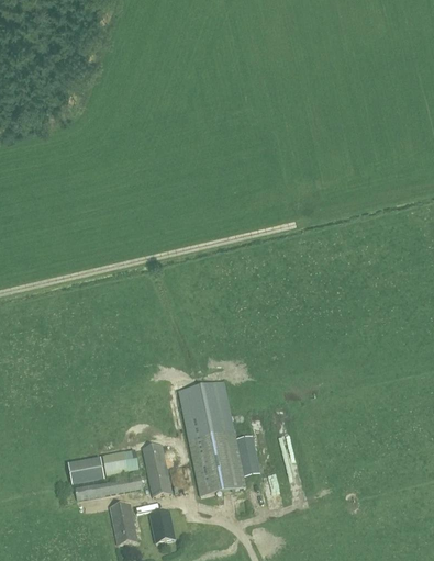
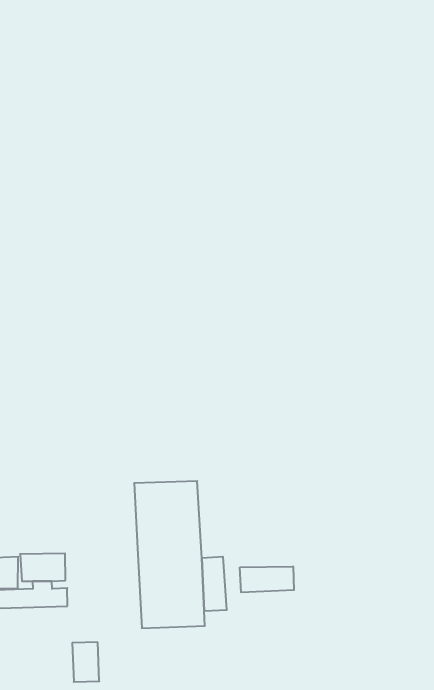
building: none -> [240,566,294,592]
building: [141,441,171,495] -> none
building: [109,501,136,542] -> none

